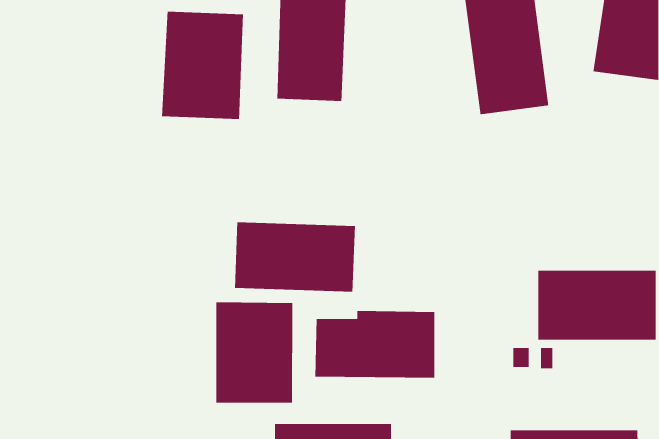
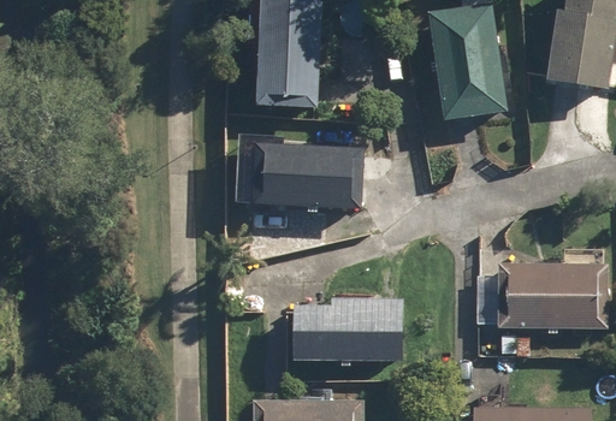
building: [161,11,244,120] -> none
building: [234,222,356,292] -> [251,143,363,208]
building: [215,301,293,404] -> none

